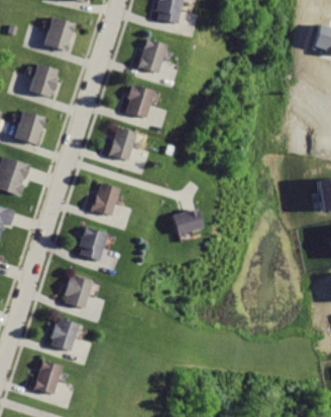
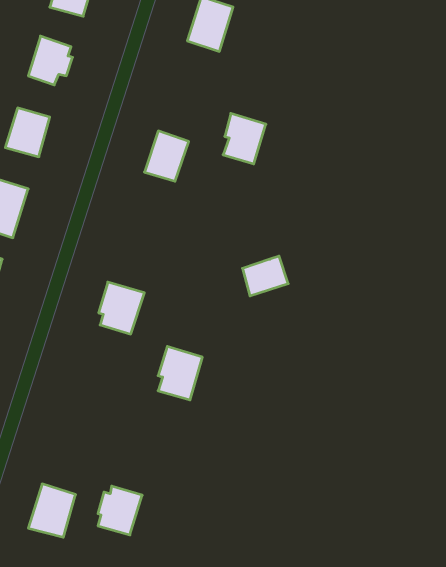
building: [125,85,153,118] -> [223,113,266,164]
building: [91,182,120,217] -> none
building: [64,274,93,309] -> [158,346,202,400]
building: [49,318,79,351] -> [98,486,142,535]

